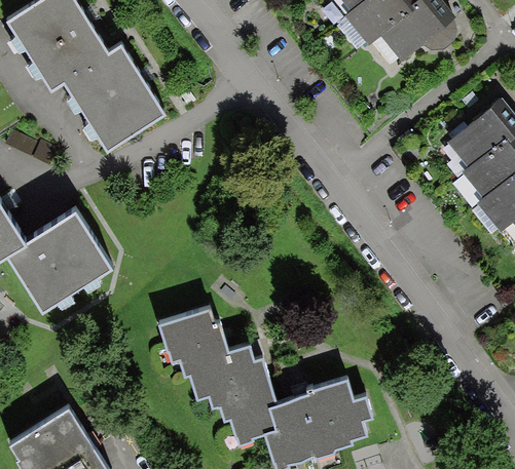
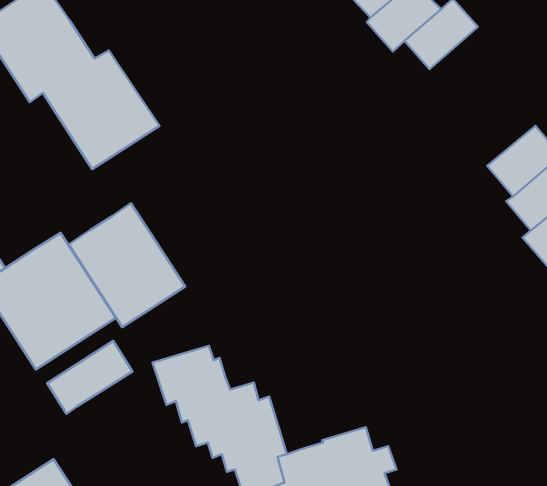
building: none -> [69,203,185,327]
building: none -> [47,341,132,414]

